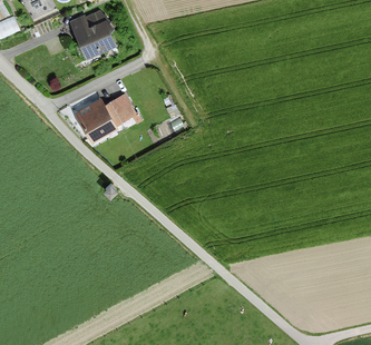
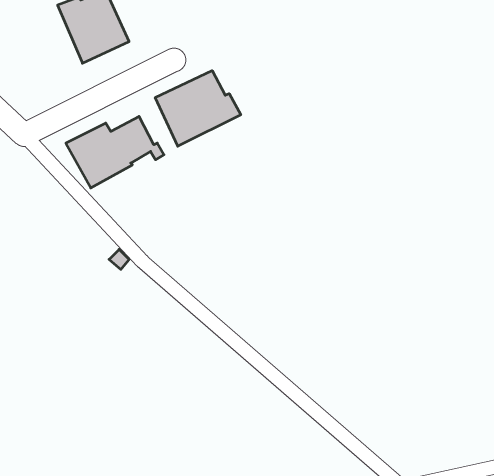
building: none -> [155,71,241,146]

